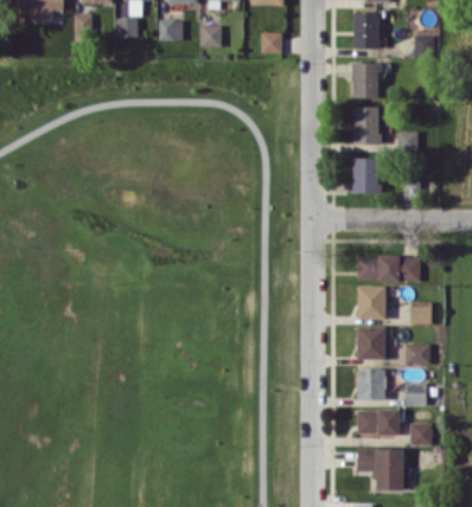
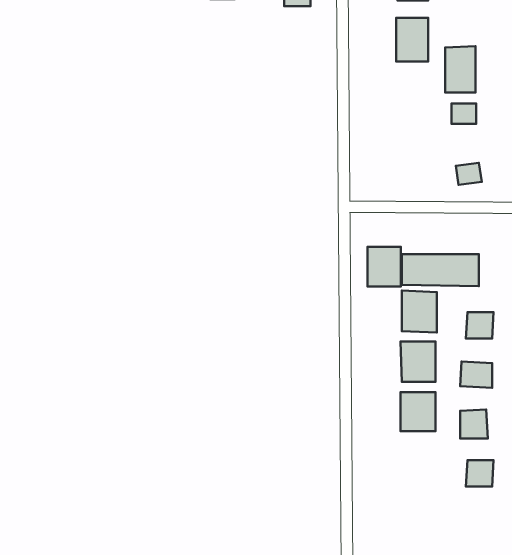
building: [353,107,378,145] -> [445,46,476,93]
building: [352,158,378,194] -> none
building: none -> [368,247,401,287]
building: [356,410,398,436] -> none
building: [357,449,403,490] -> none

